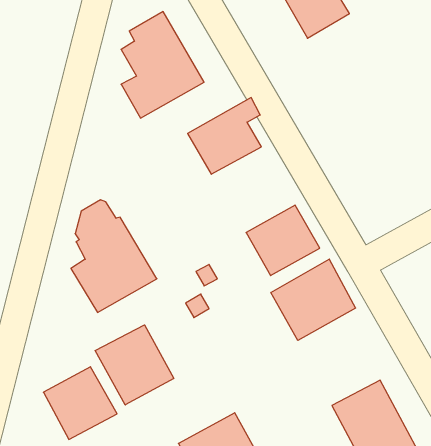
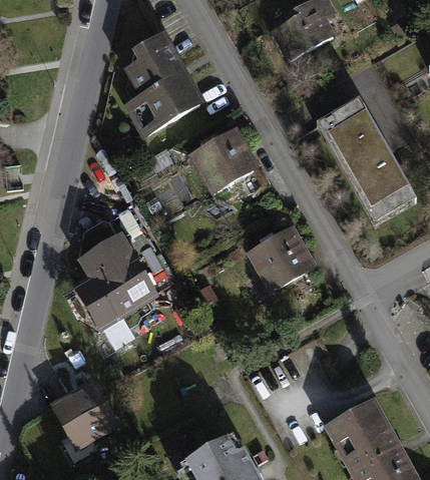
building: none -> [314,95,422,226]
building: [271,259,356,340] -> none
building: [95,325,174,405] -> none

